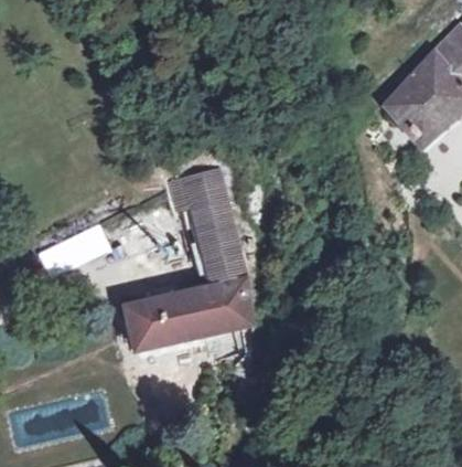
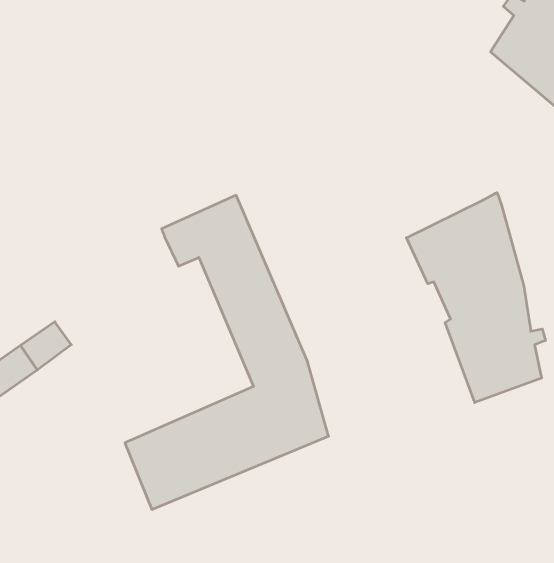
building: none -> [406,193,545,403]

